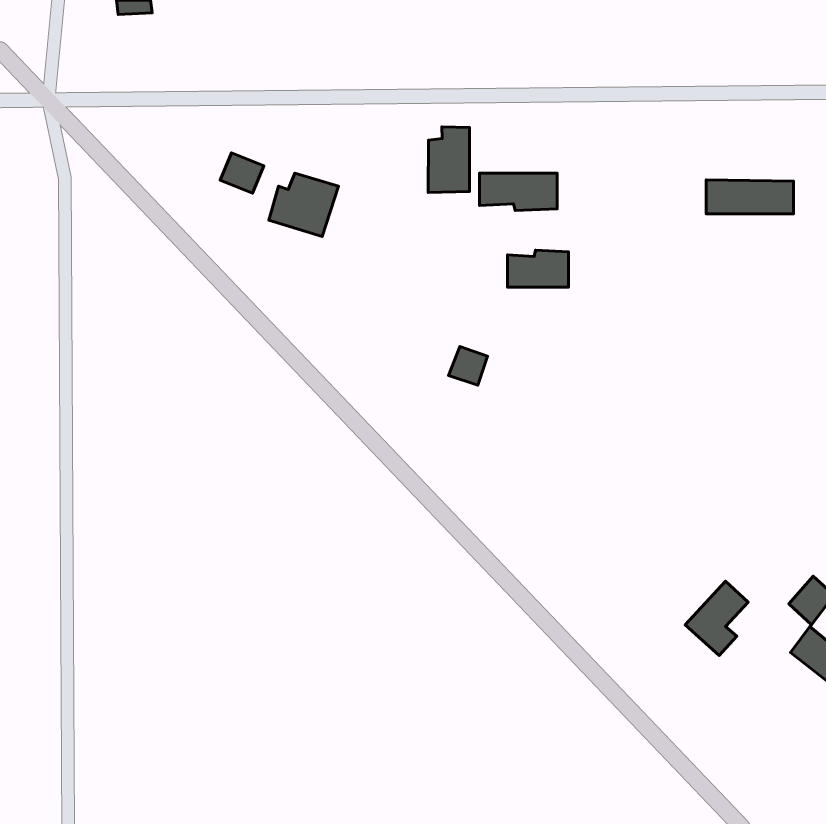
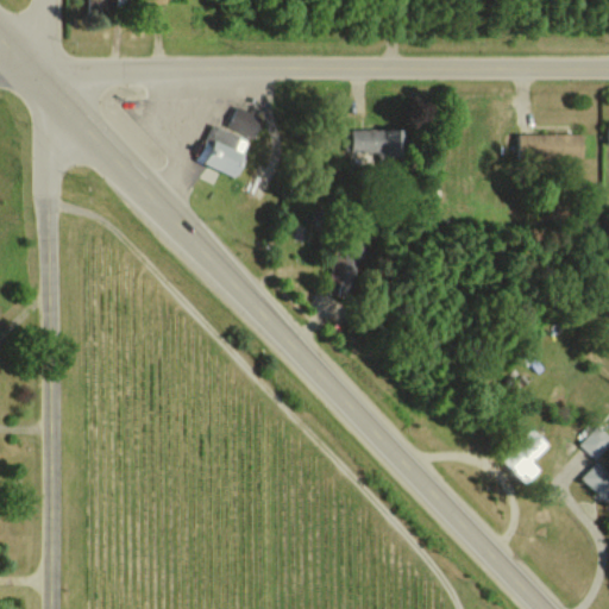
building: [428,127,470,192] -> none
building: [220,153,264,193] -> [228,108,260,138]
building: [508,250,569,287] -> none

